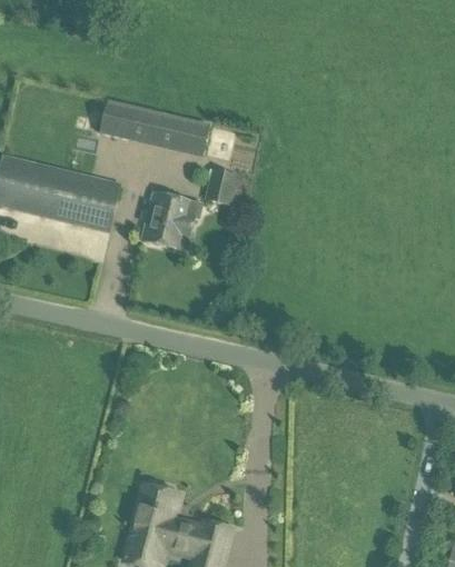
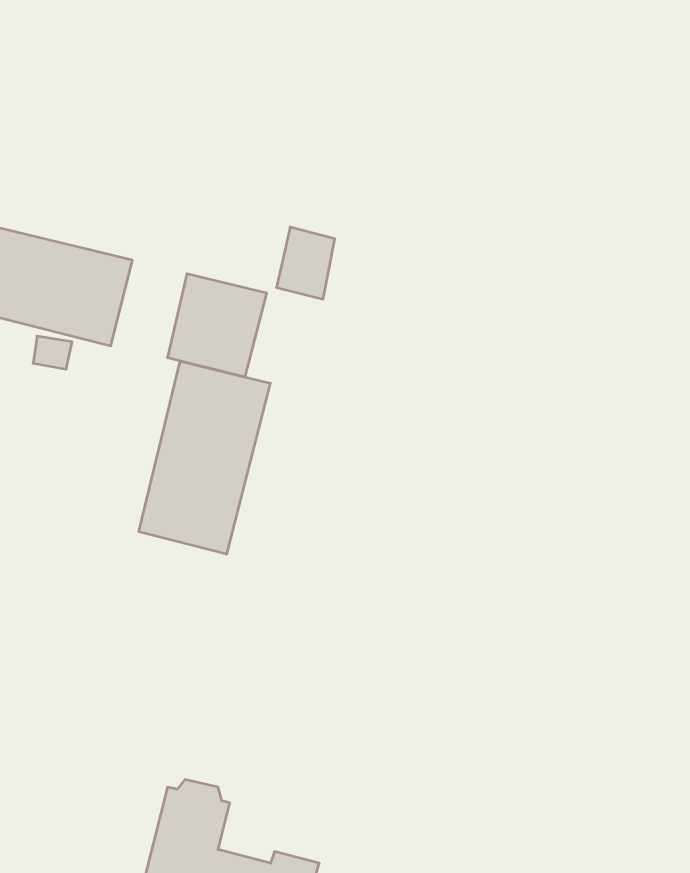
building: [103,102,209,152] -> none
building: none -> [139,361,270,554]

